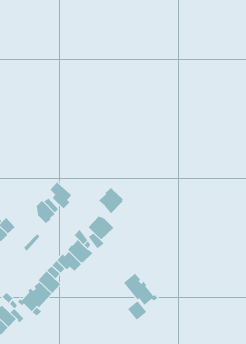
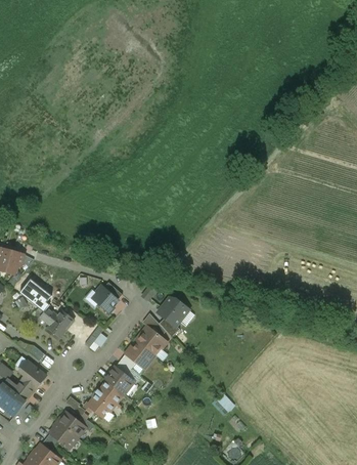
building: [50,181,72,209] -> none
building: [99,187,124,214] -> none
building: [123,272,158,306] -> none

